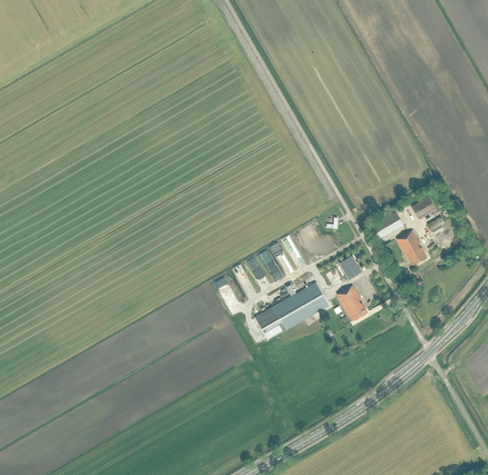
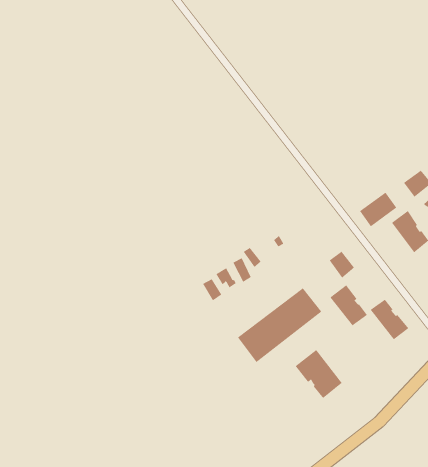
building: none -> [370,299,409,340]
building: none -> [295,349,342,399]

